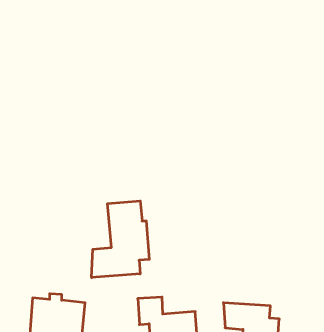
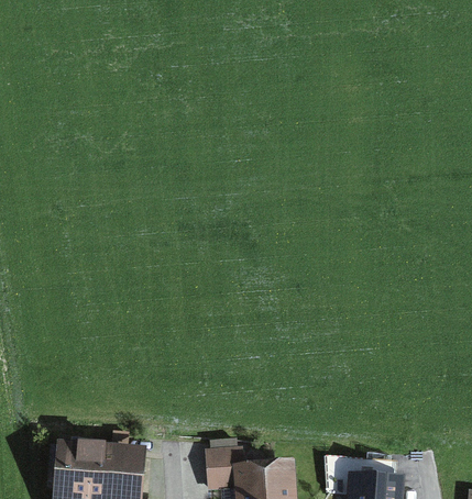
building: [92,201,149,278] -> none

